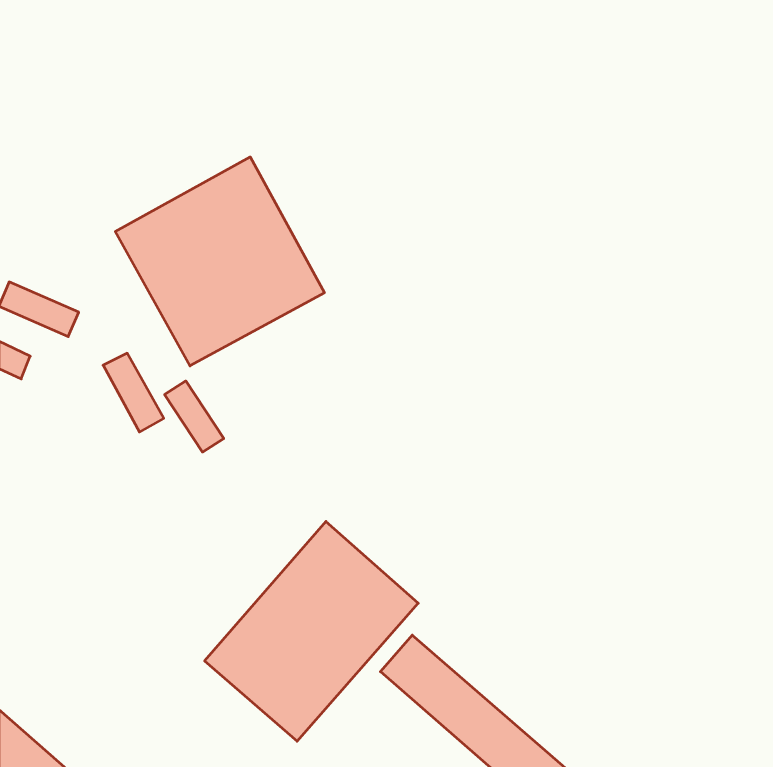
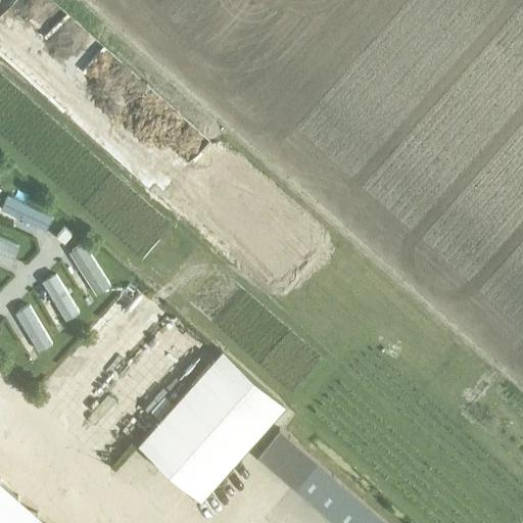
building: [115,157,324,366] -> none
building: [165,381,224,452] -> [41,274,81,322]
building: none -> [14,304,53,353]

